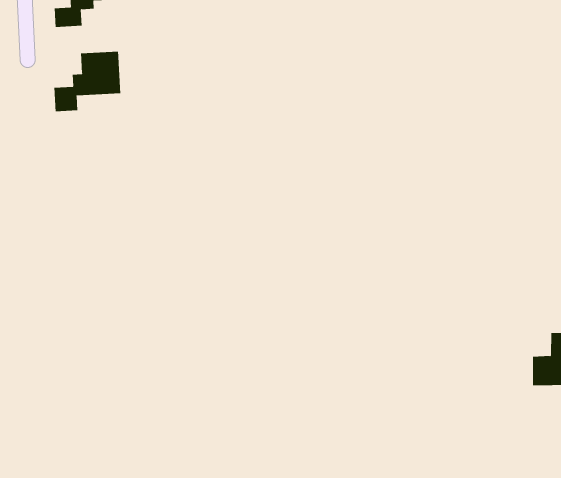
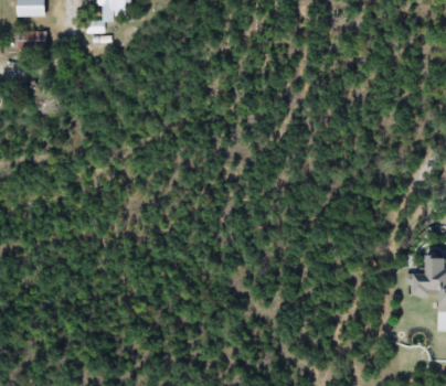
building: [54,51,121,112] -> none

